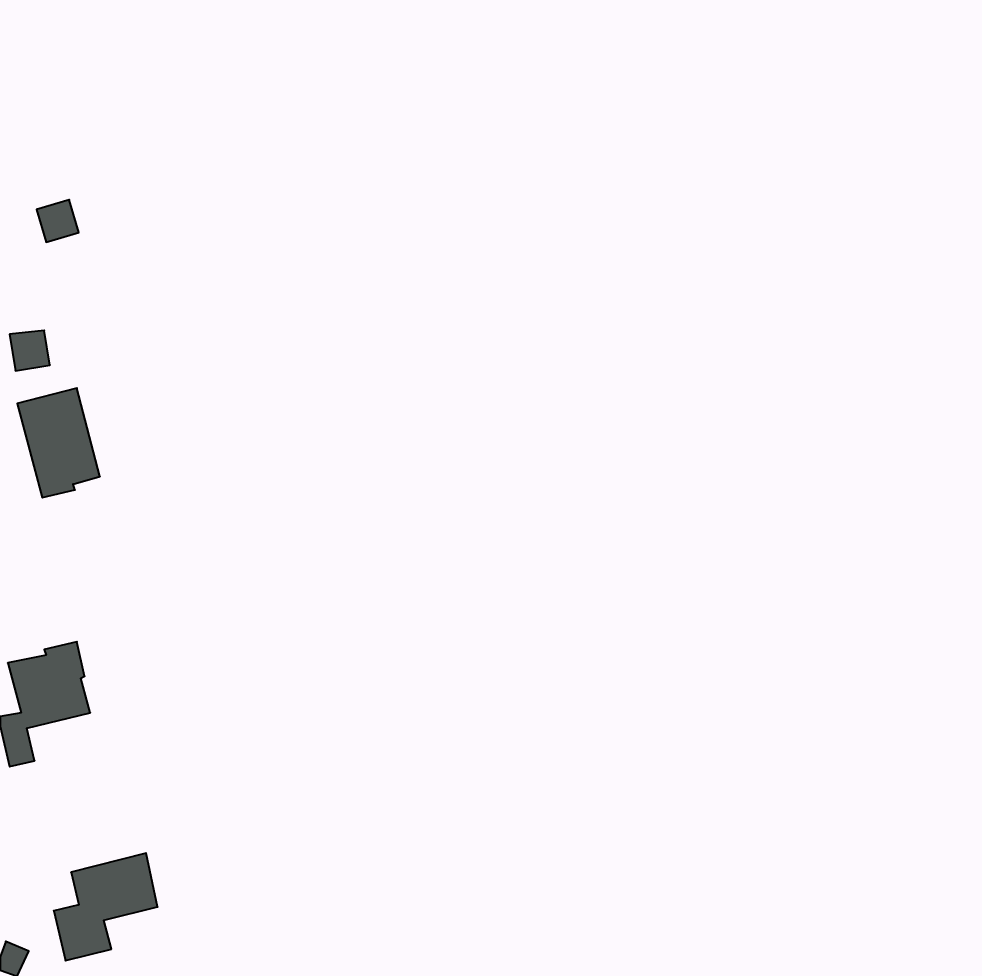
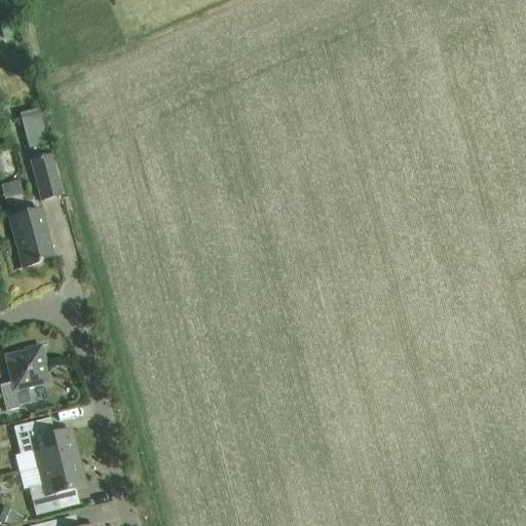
building: none -> [29,151,62,199]
building: none -> [13,420,78,466]

